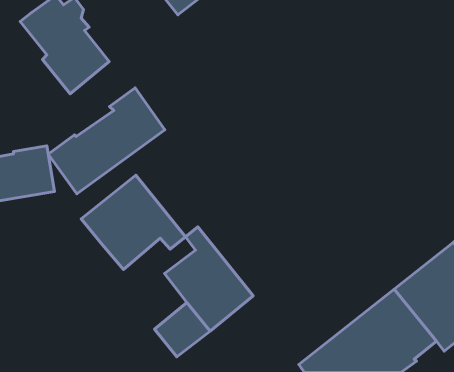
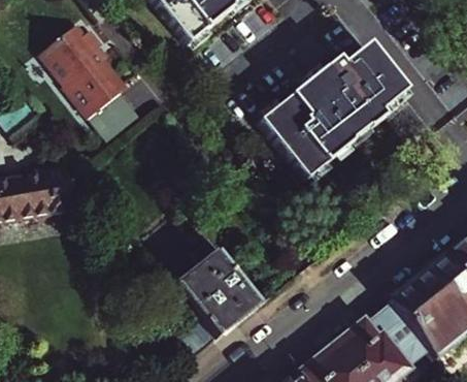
building: none -> [261,43,406,179]
building: [48,88,165,194] -> none
building: [81,175,186,269] -> none

